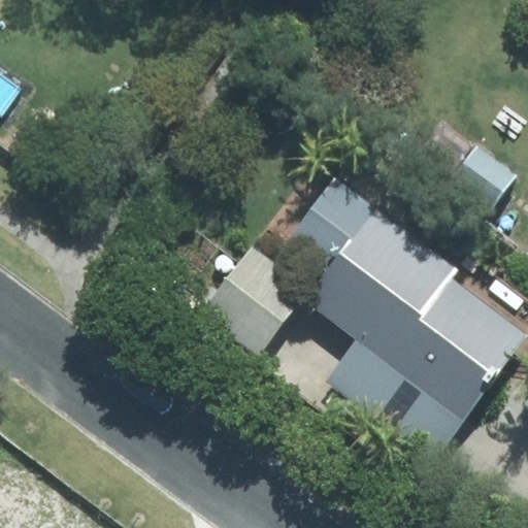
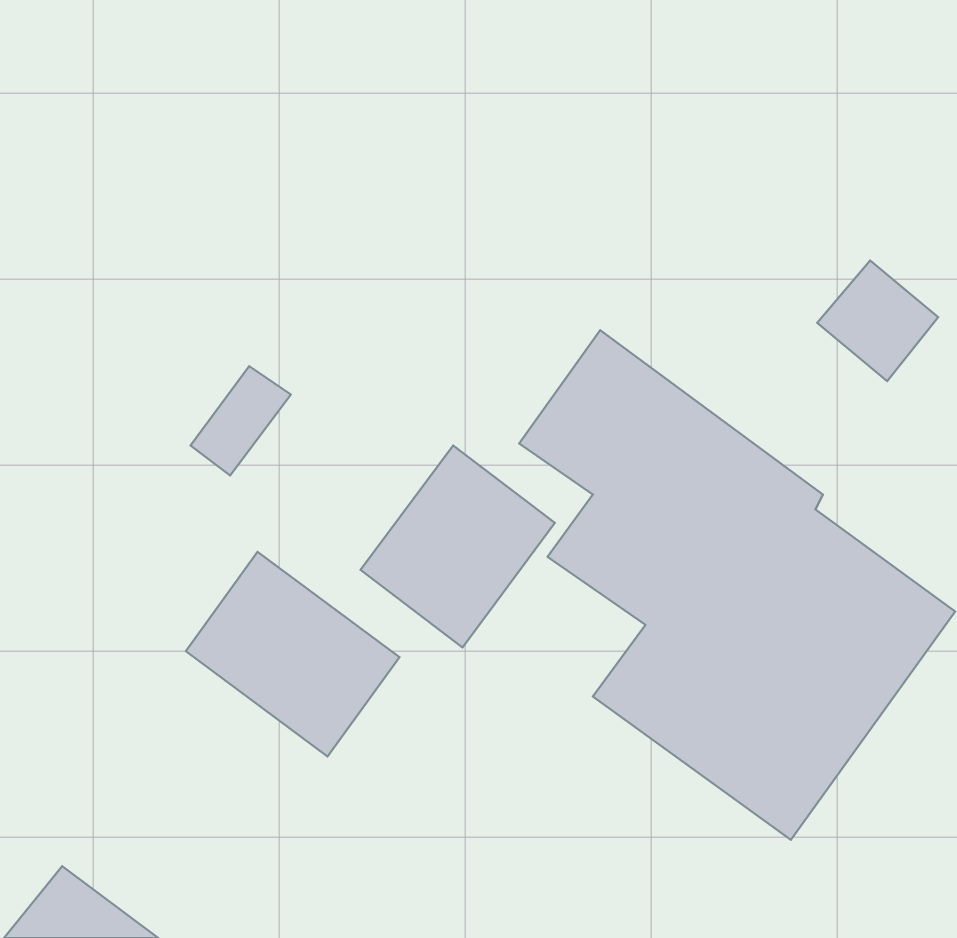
building: none -> [186,552,399,756]

